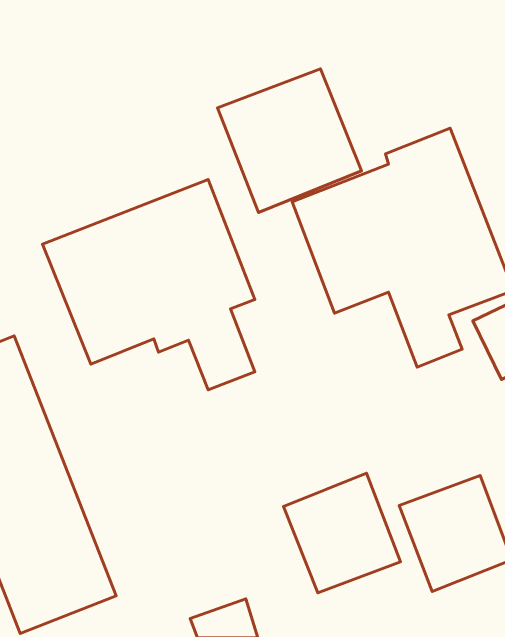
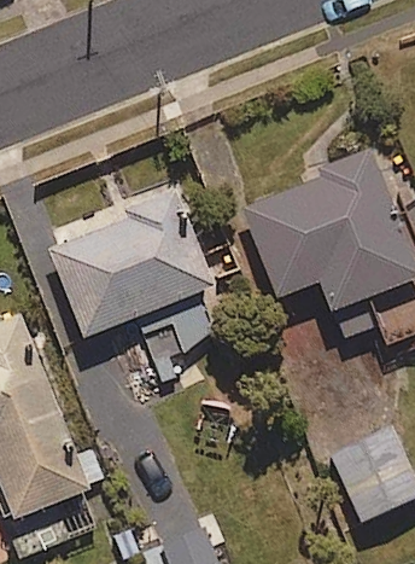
building: [218,69,362,213] -> none
building: [283,473,401,593] -> none

